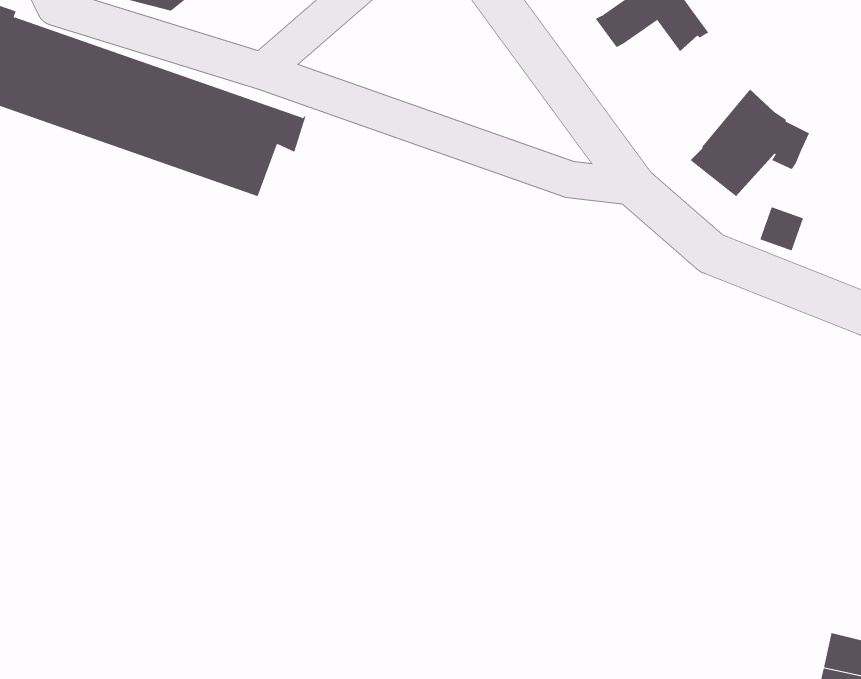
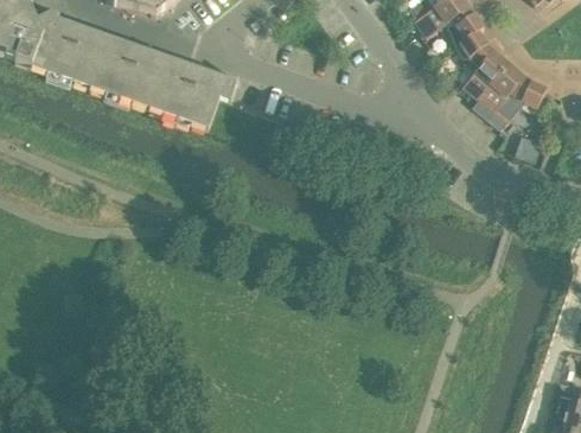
building: none -> [456,28,510,96]

